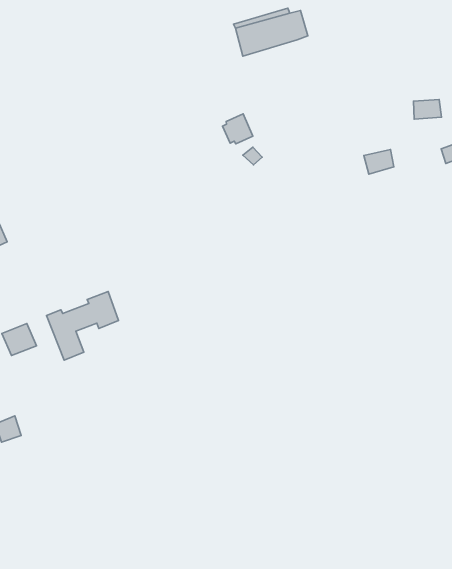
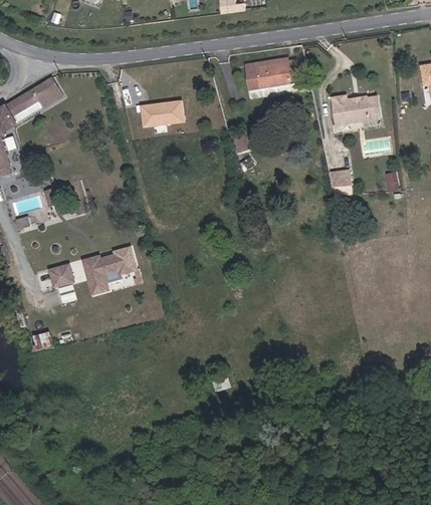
building: none -> [331,94,379,123]
building: none -> [139,99,184,127]

